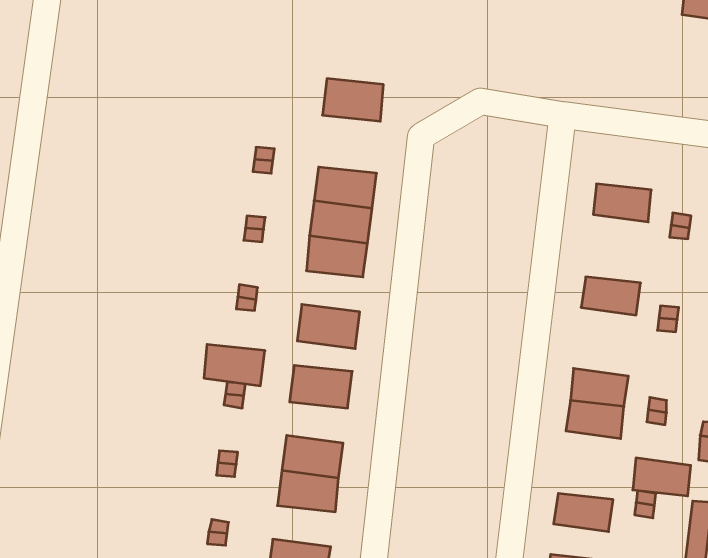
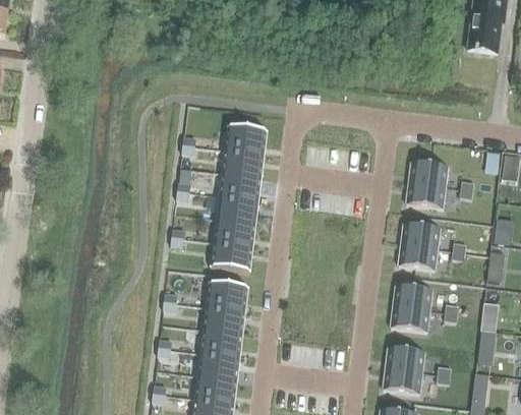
building: [322,79,383,121] -> [226,124,267,153]
building: none -> [406,180,446,205]
building: none -> [215,218,255,245]
building: none -> [399,242,438,268]
building: [204,344,265,386] -> [205,305,245,333]
building: [633,458,691,496] -> [386,345,424,370]
building: none -> [195,374,237,402]

